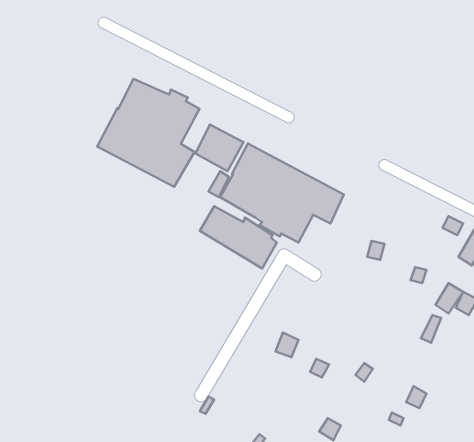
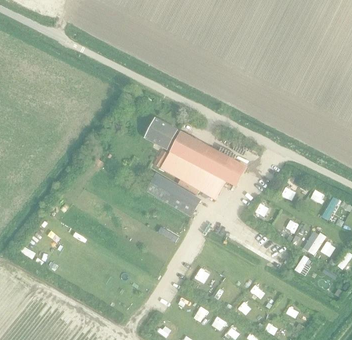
building: [97,79,199,187] -> none

